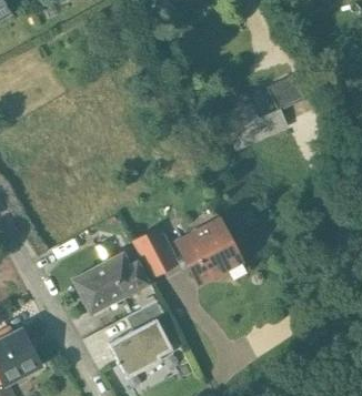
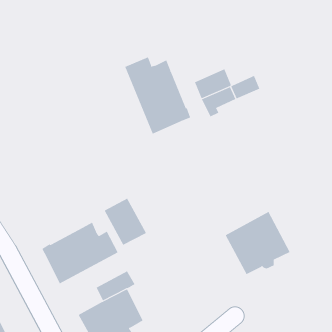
building: [267,73,304,110] -> none
building: none -> [124,57,191,135]
building: [177,220,241,282] -> [225,211,290,275]

